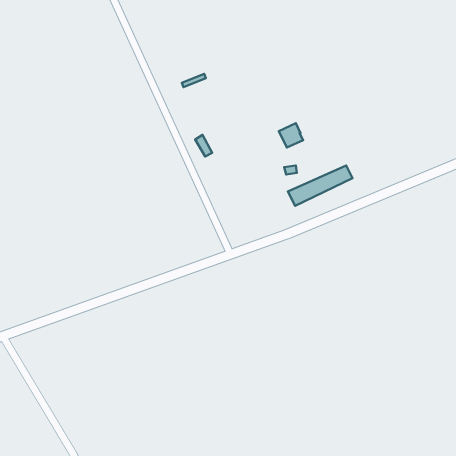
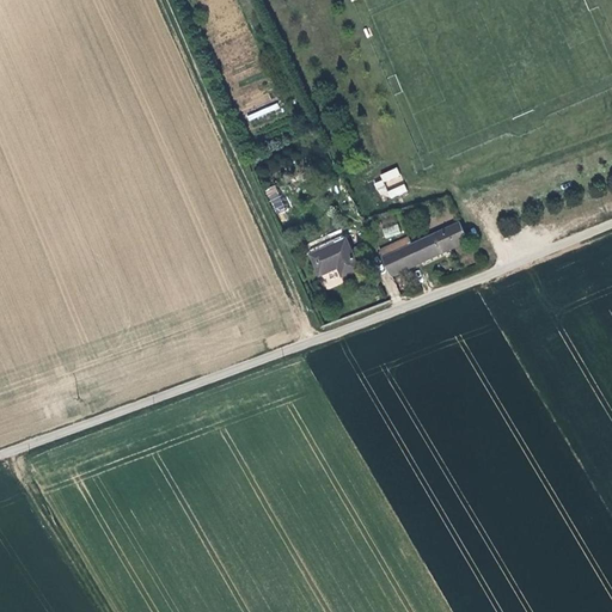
building: none -> [310,238,356,276]

